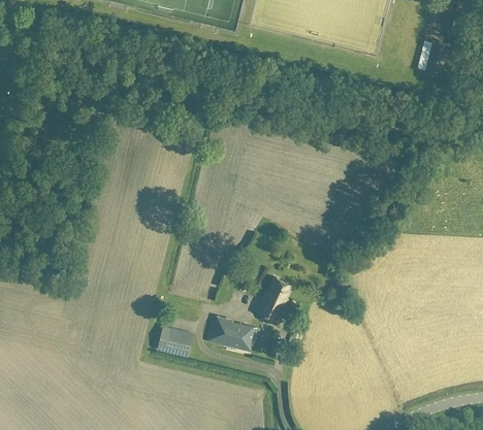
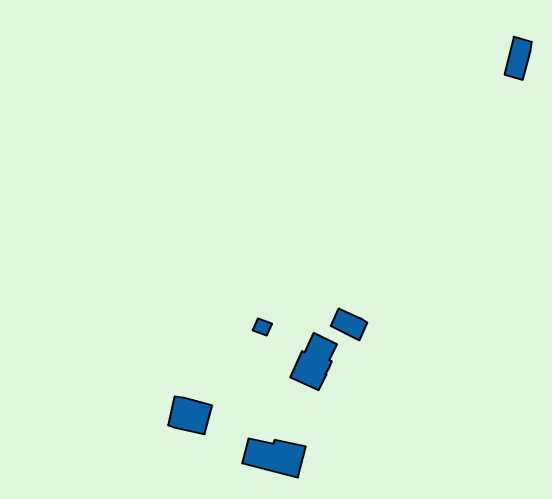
building: none -> [331,308,367,340]
building: [203,320,254,351] -> [242,439,306,478]

